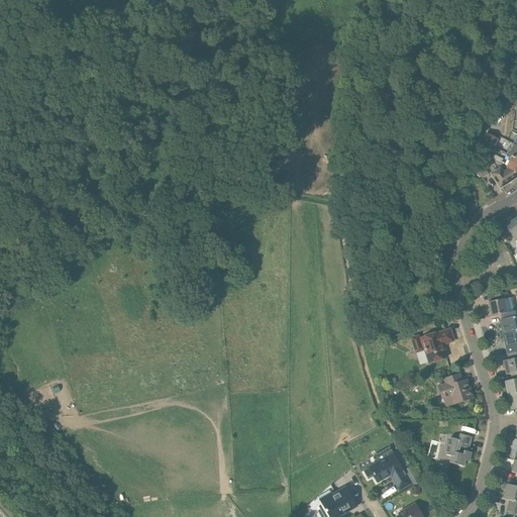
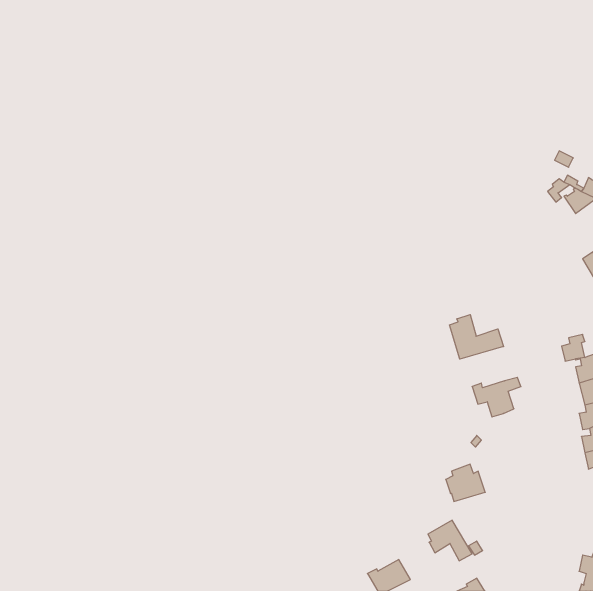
building: none -> [450,315,504,359]
building: [438,373,473,405] -> [446,464,485,501]
building: [445,432,473,464] -> none

